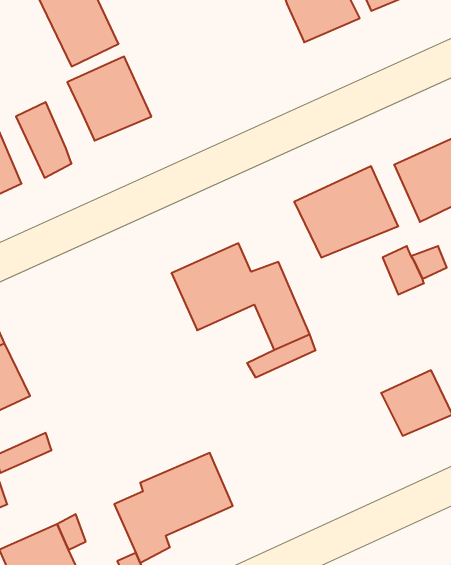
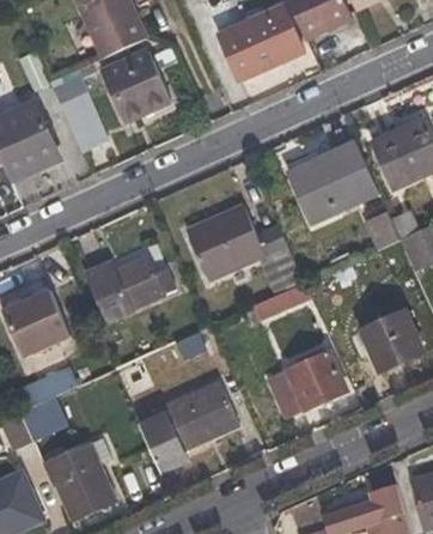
building: none -> [218,8,297,81]
building: none -> [87,256,177,318]
building: none -> [269,352,347,415]

